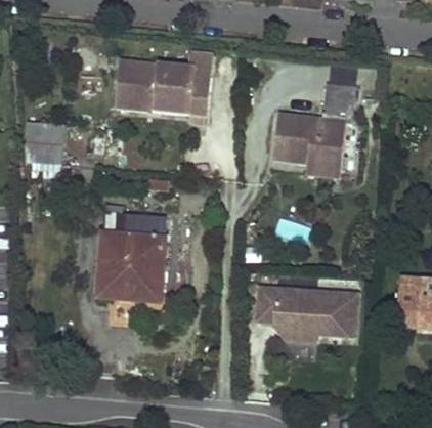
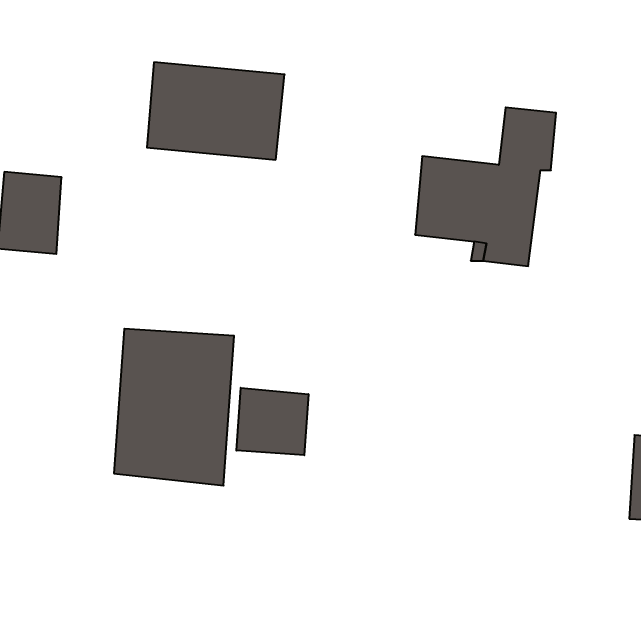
building: none -> [236,388,308,455]
building: [257,280,362,339] -> none

